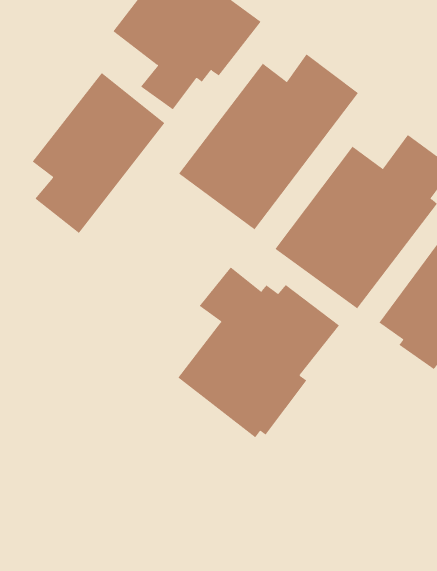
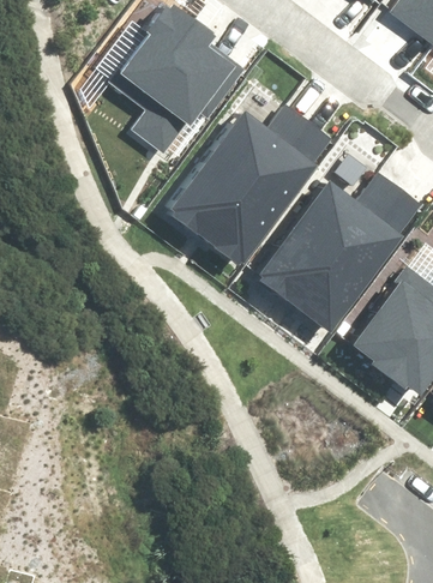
building: [32,72,165,234] -> none
building: [178,267,340,438] -> none

